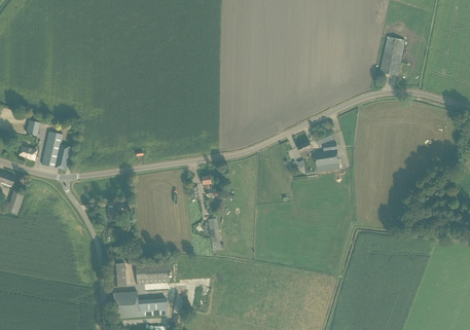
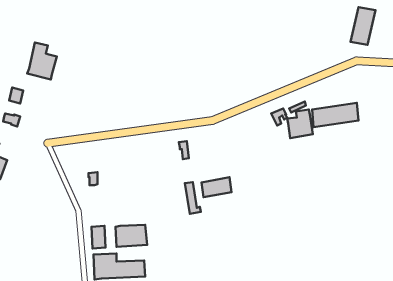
building: [40,131,71,169] -> [27,43,57,79]
building: none -> [312,103,358,127]
building: none -> [201,177,232,197]

